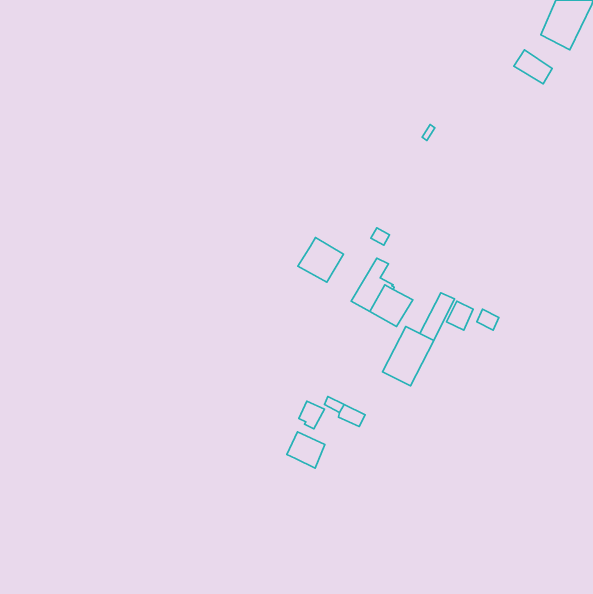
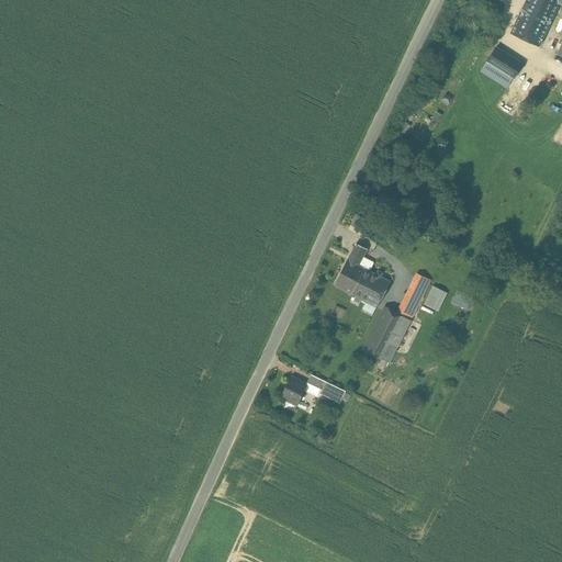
building: [298,238,344,282] -> none
building: [287,432,325,468] -> none

